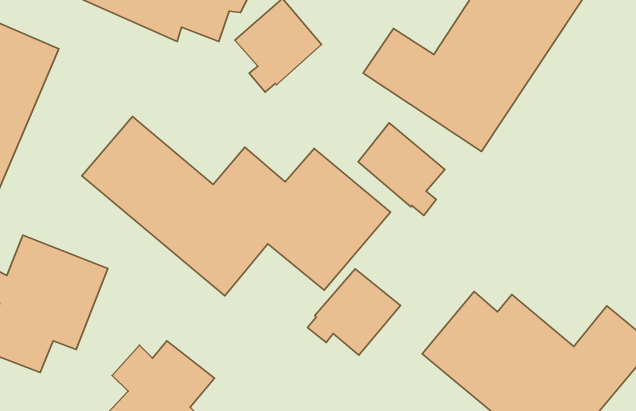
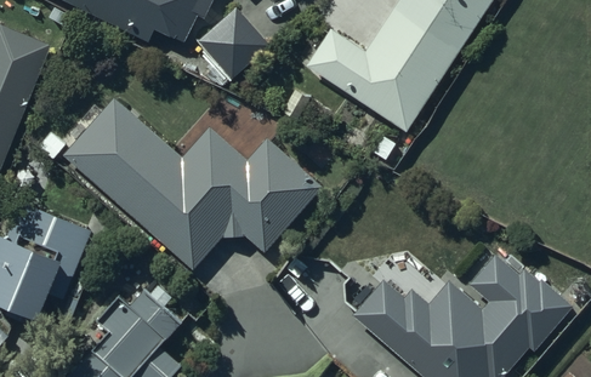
building: [358,123,445,215] -> none
building: [308,269,401,355] -> none

